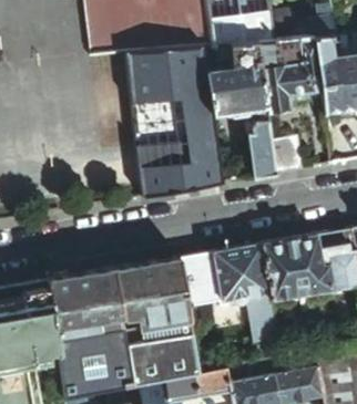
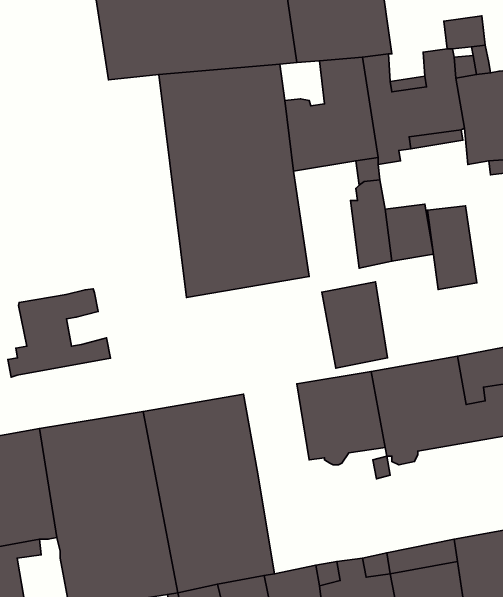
building: none -> [428,206,477,290]
building: none -> [8,289,111,377]
building: [180,252,222,308] -> [322,282,388,368]

